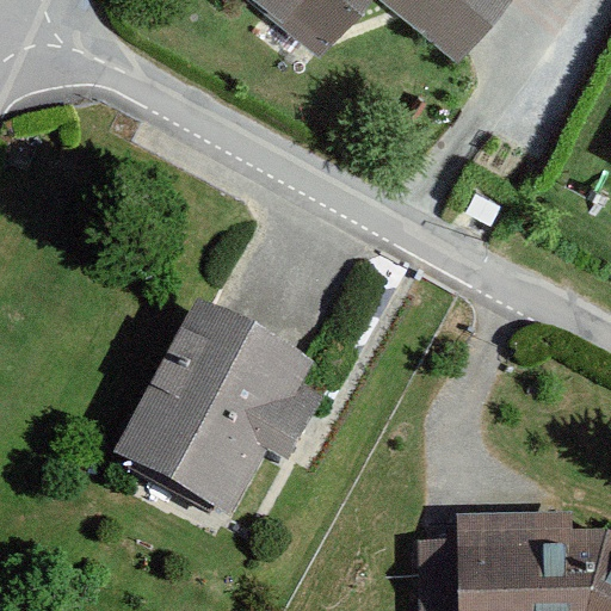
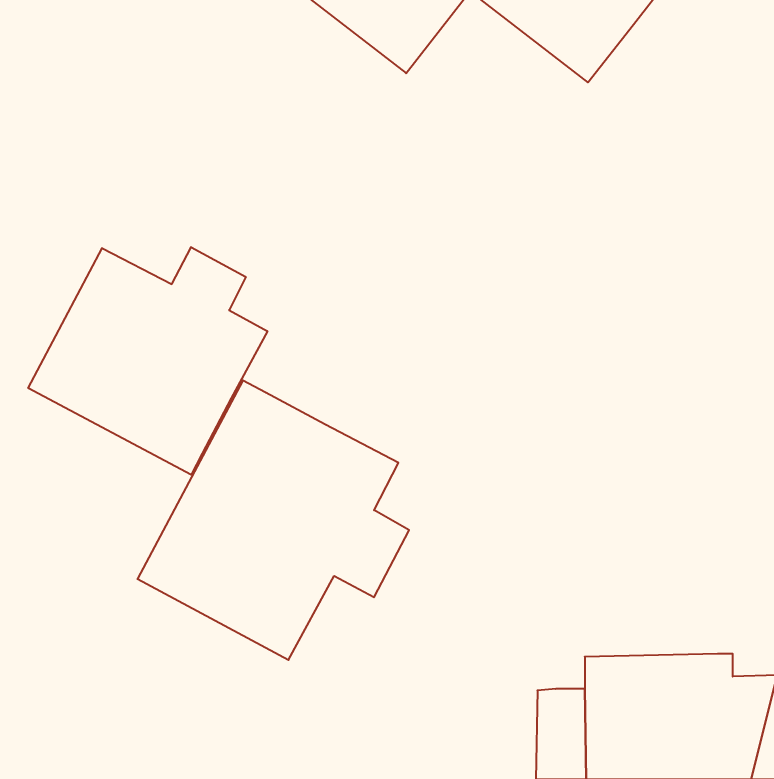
building: none -> [28,247,267,475]

